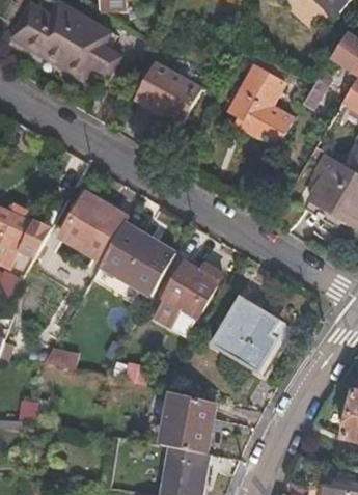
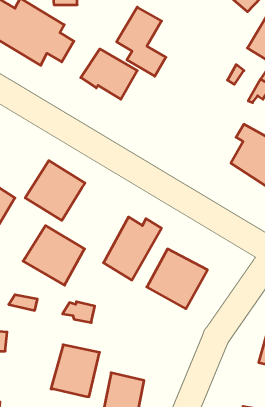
building: [227,62,286,145] -> [117,7,166,76]
building: [103,226,176,298] -> [23,226,85,285]
building: [162,394,220,457] -> [51,345,100,397]

